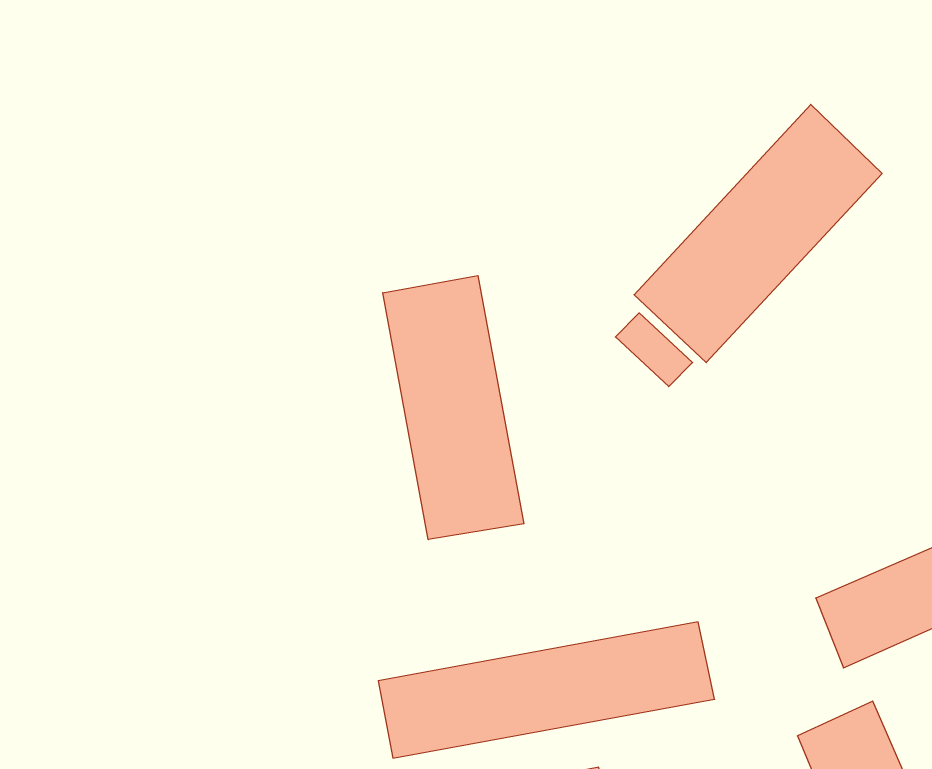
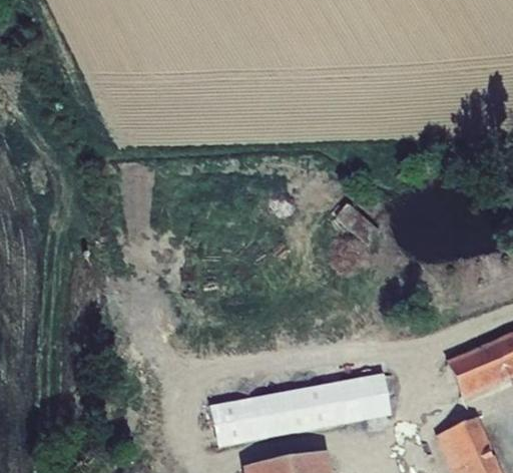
building: [634,104,882,363] -> none
building: [383,276,524,540] -> none

